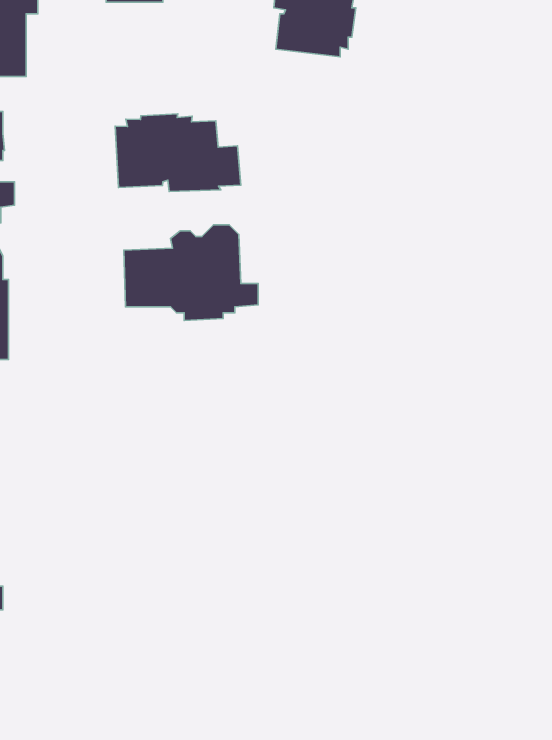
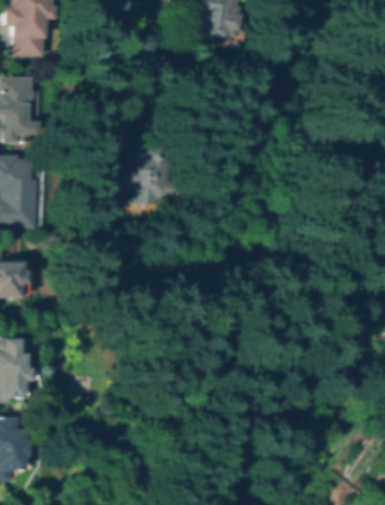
building: [115,114,241,191] -> none

